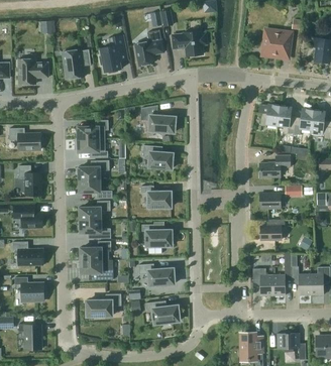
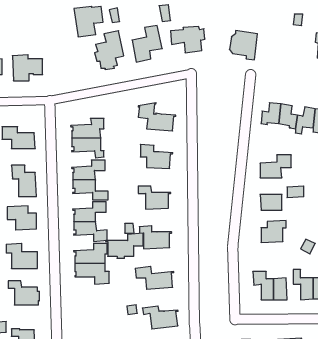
building: [263,30,291,58] -> [229,31,257,60]
building: [63,49,91,79] -> [74,6,103,37]
building: [85,293,121,318] -> [106,233,143,258]

